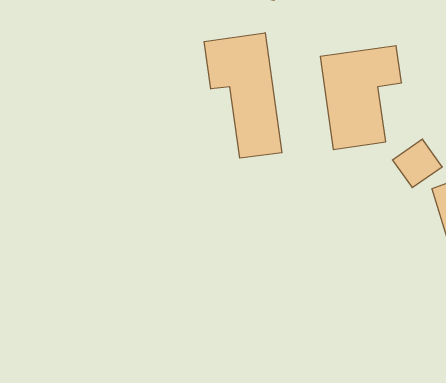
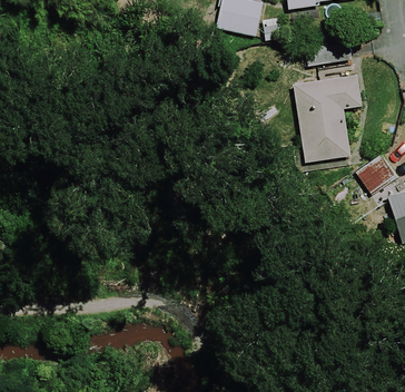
building: [204,33,282,158] -> none

